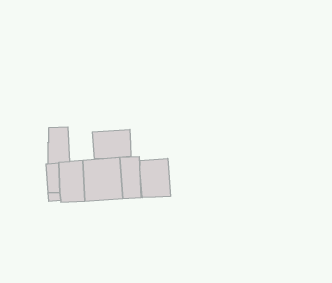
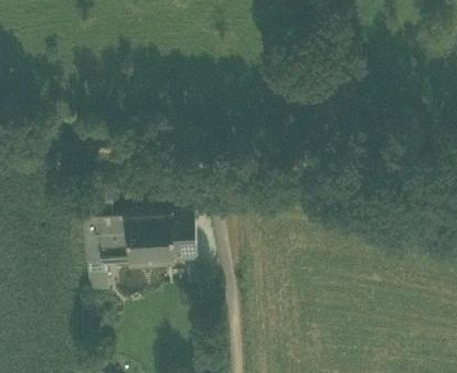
building: [92,129,131,159] -> none
building: [140,158,170,198] -> none

